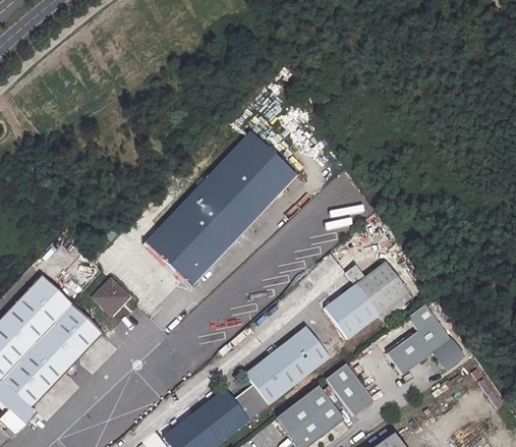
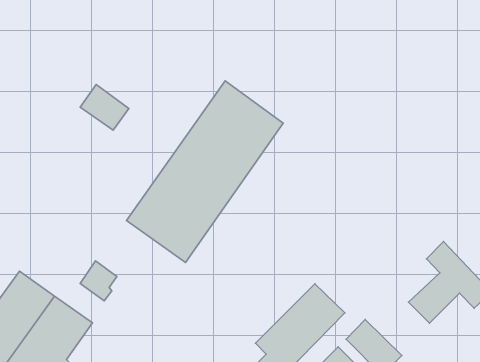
building: none -> [80,84,129,130]
building: [326,262,412,337] -> none

